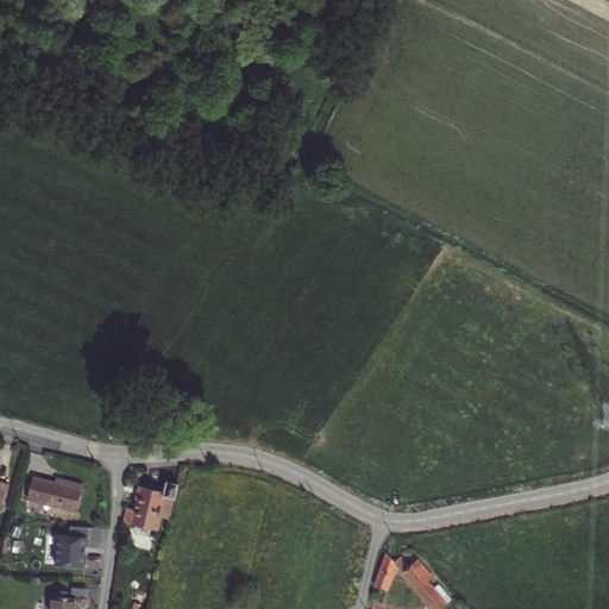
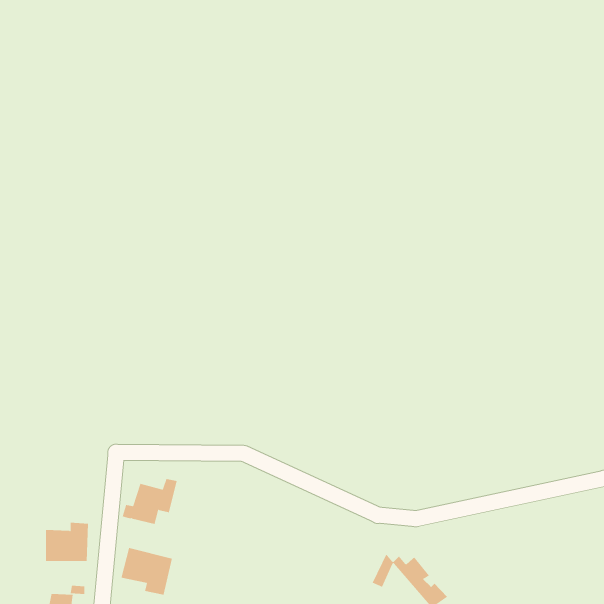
building: [26,478,82,513] -> none
building: none -> [121,547,172,596]

